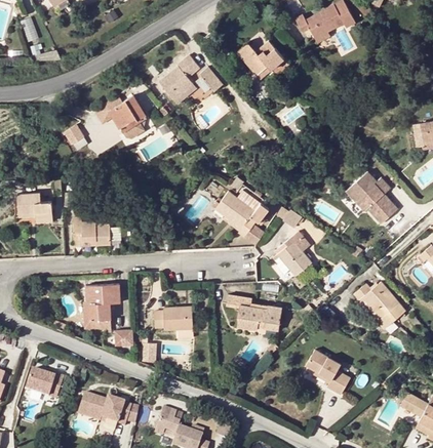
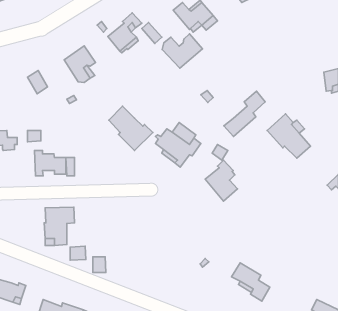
building: none -> [162,34,202,68]
building: none -> [224,91,265,136]
building: none -> [109,106,153,151]
building: [354,281,404,328] -> none
building: [227,294,282,330] -> none
building: [154,306,193,329] -> none

